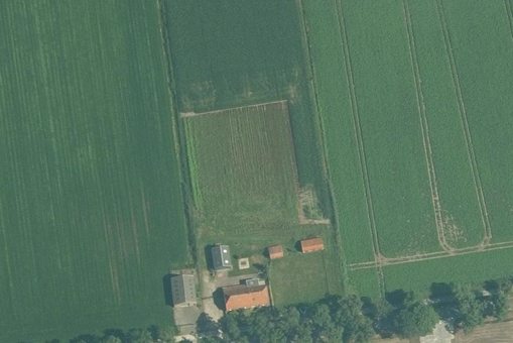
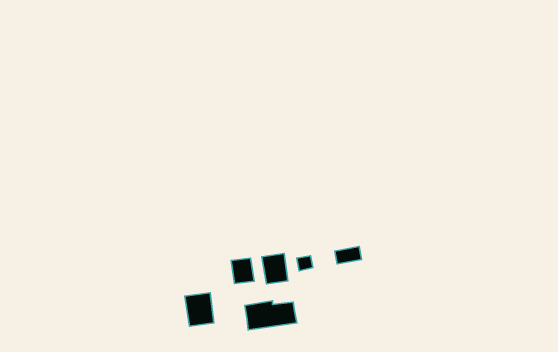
building: none -> [262,254,288,284]

